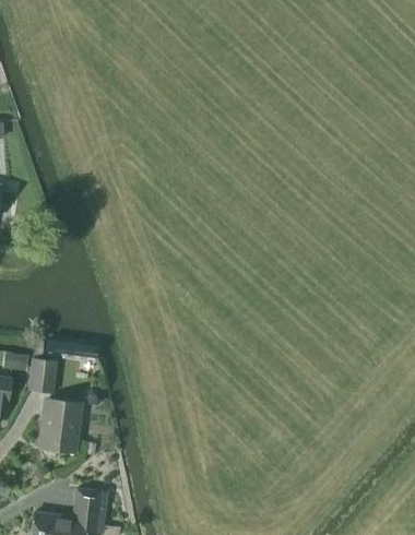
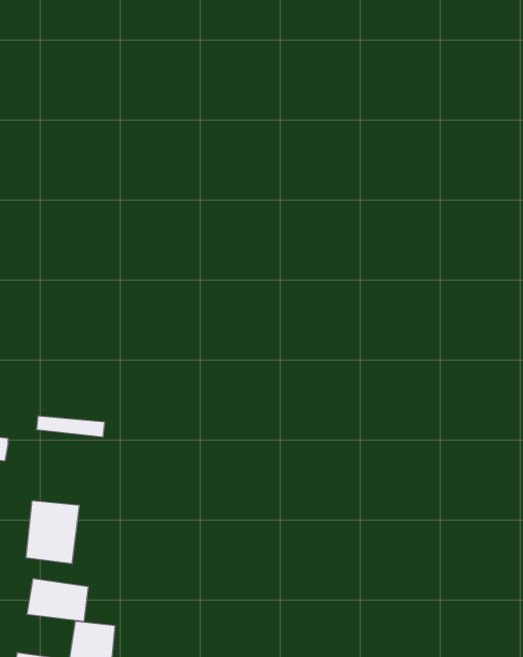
building: [27,356,57,390] -> none
building: none -> [27,578,88,622]

